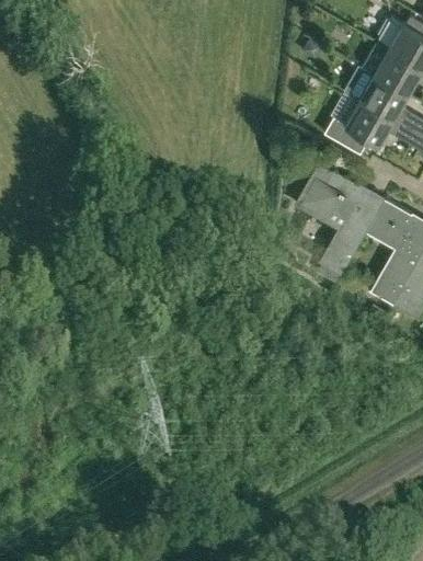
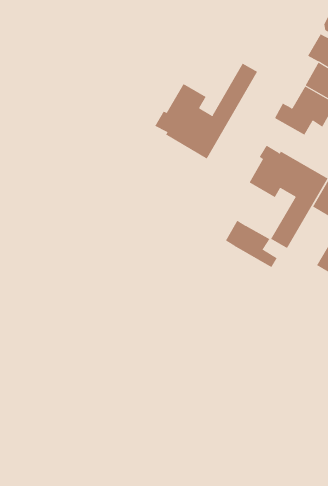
building: none -> [155,63,258,159]
building: none -> [225,220,277,268]

